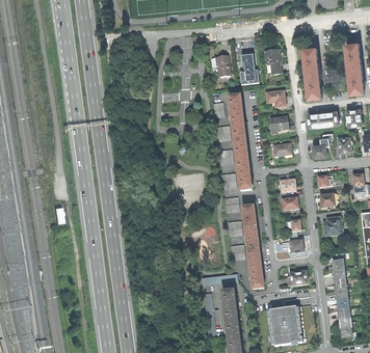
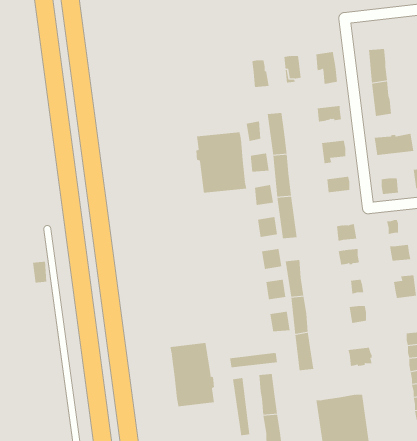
building: none -> [196,131,247,193]
building: none -> [170,342,215,407]

